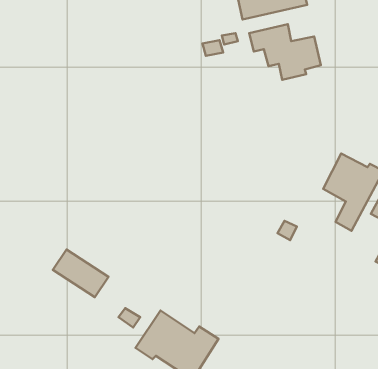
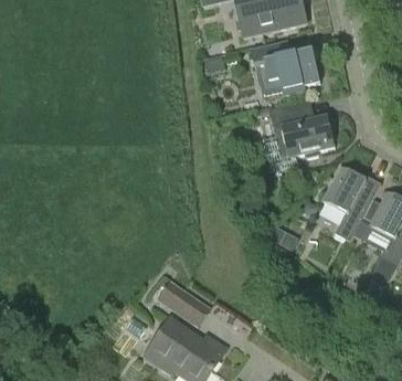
building: none -> [269,100,335,159]
building: [53,249,108,297] -> [155,281,209,327]

